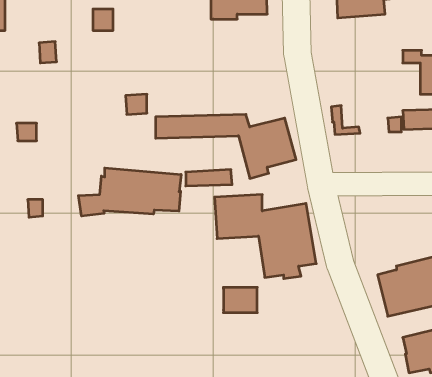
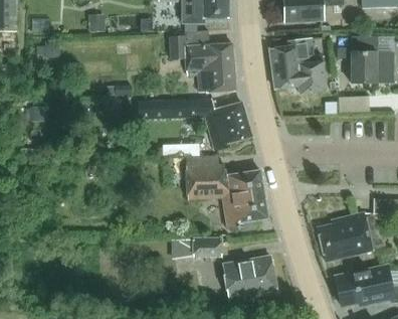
building: none -> [169,29,235,91]
building: none -> [269,37,327,94]
building: [78,168,181,216] -> none
building: none -> [223,256,275,299]

